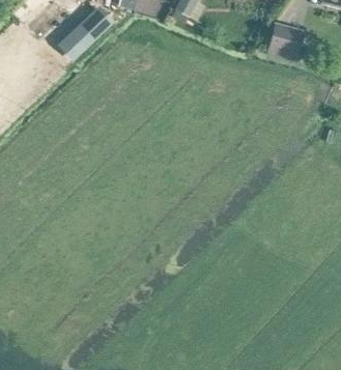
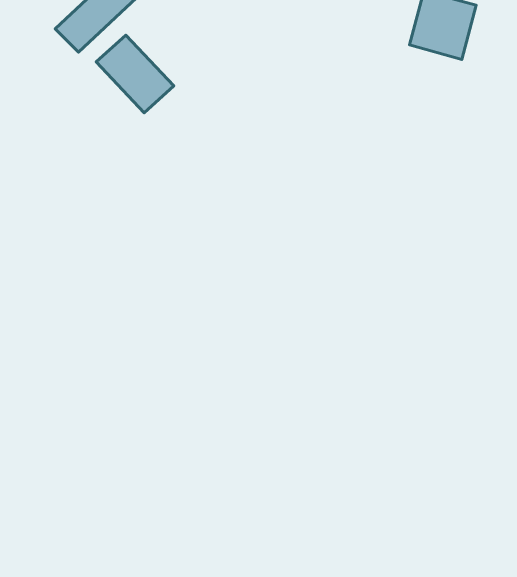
building: none -> [96,35,174,113]

